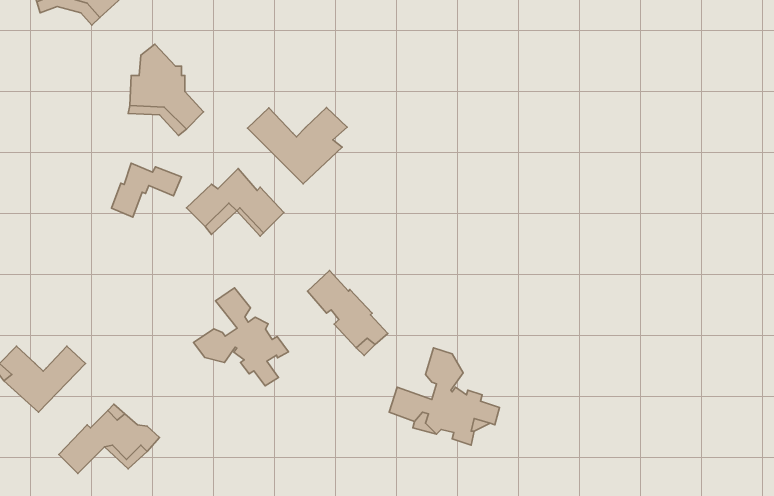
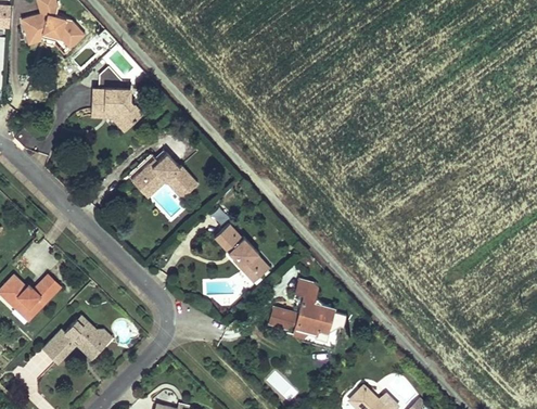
building: [247,107,347,184] -> none
building: [111,163,182,217] -> none
building: [193,288,288,386] -> none

